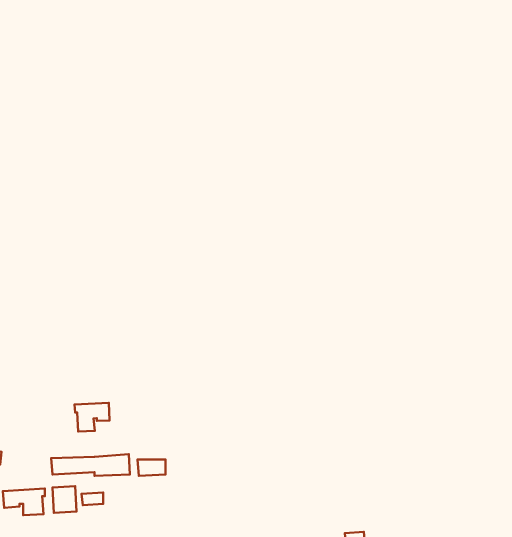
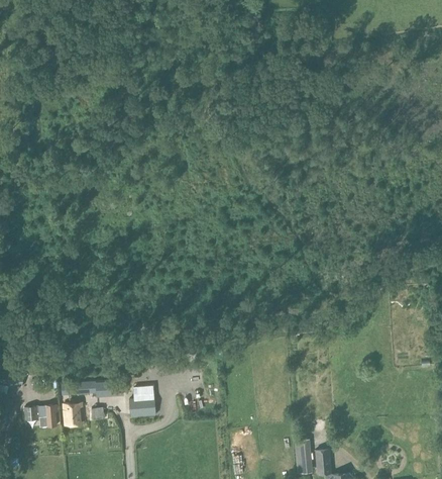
building: [74,403,110,431] -> none
building: none -> [127,397,155,416]

